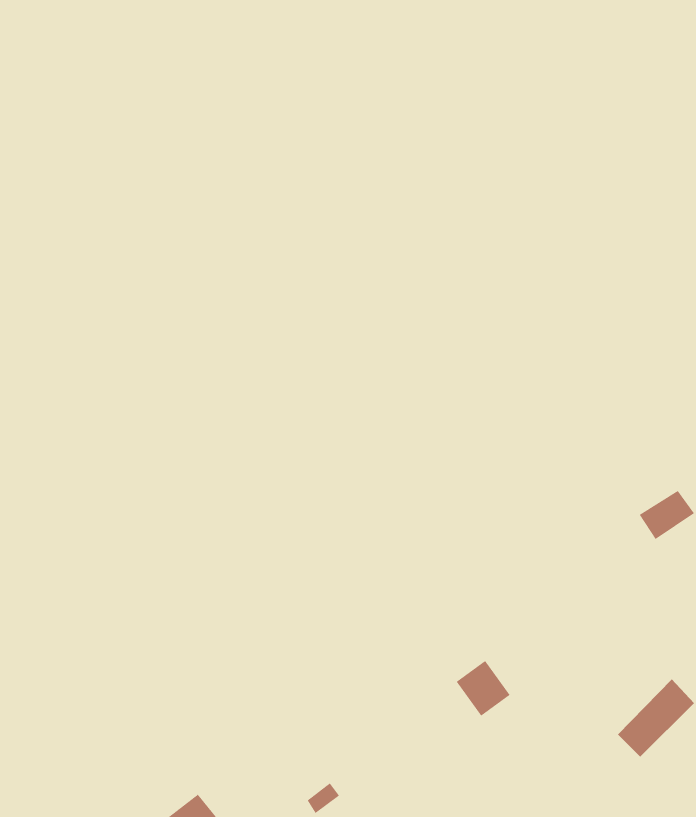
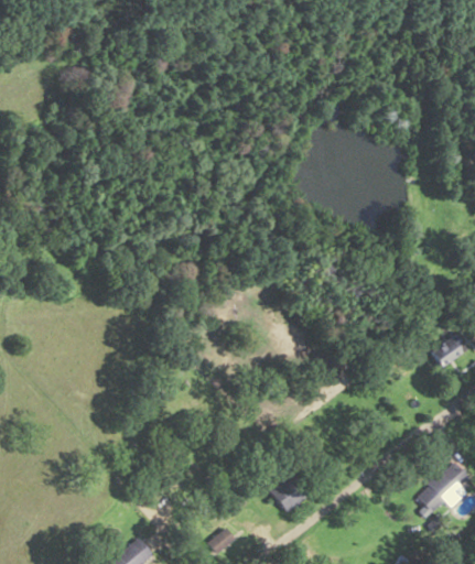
building: [456,660,510,716] -> [269,476,305,513]

